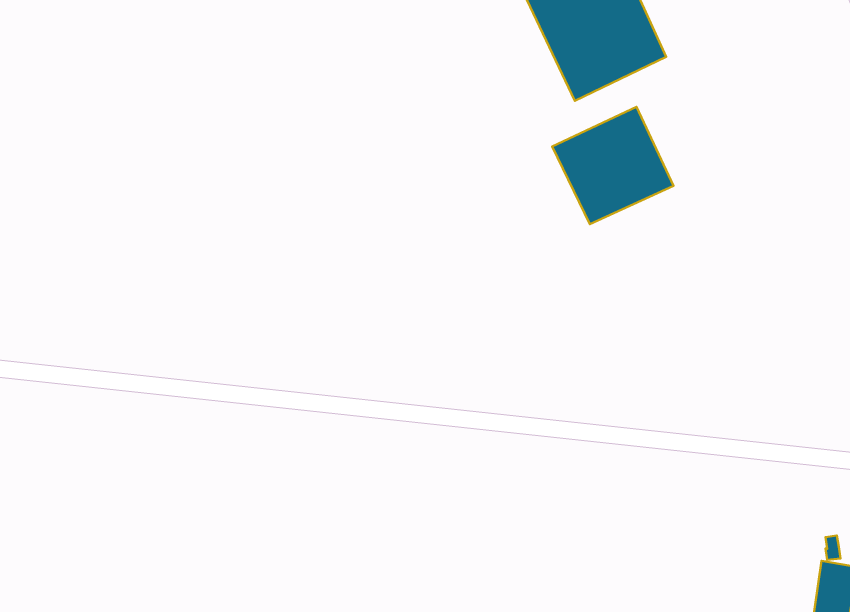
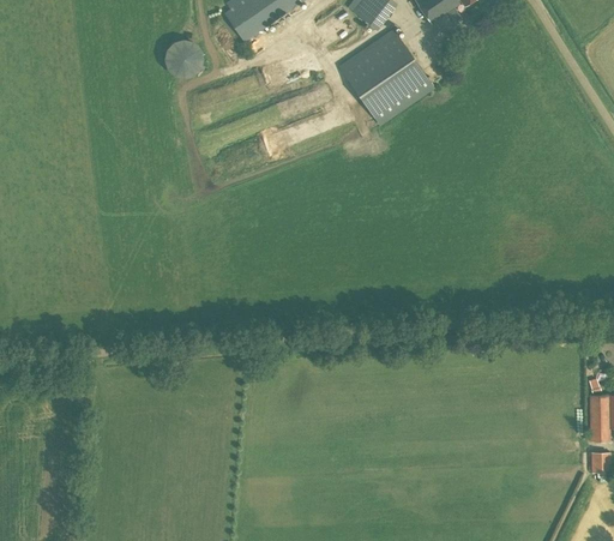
building: [552,107,673,224] -> none

